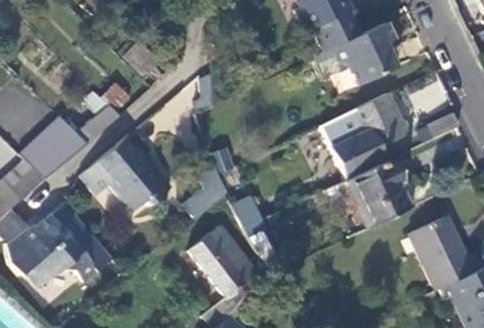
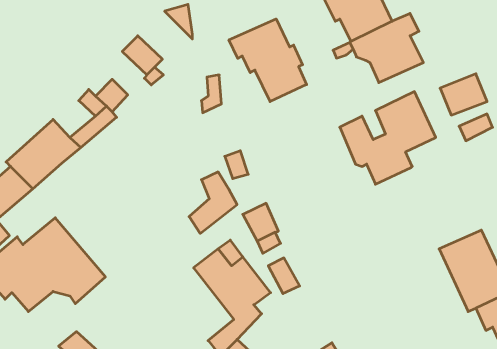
building: none -> [229,19,307,102]
building: [83,136,174,210] -> none
building: [342,160,406,228] -> none

